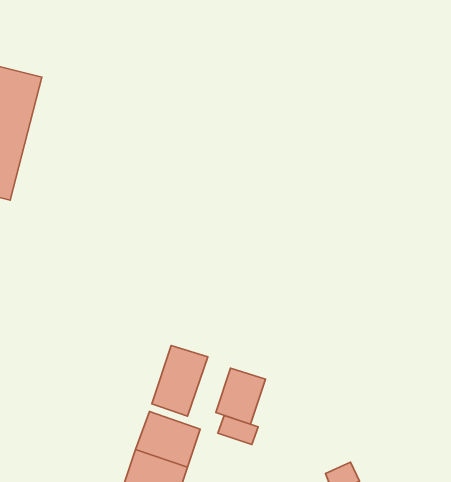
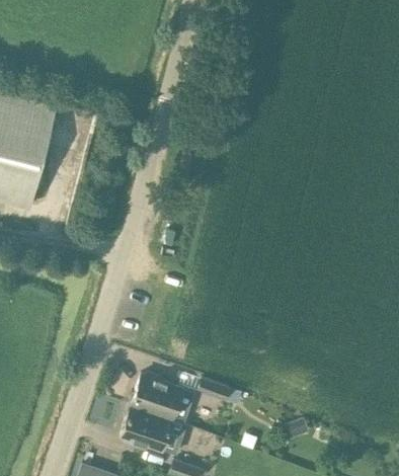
building: [152,346,208,416] -> none
building: [216,368,266,424] -> none

